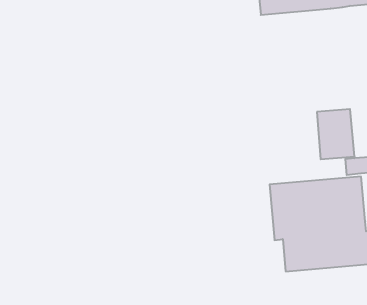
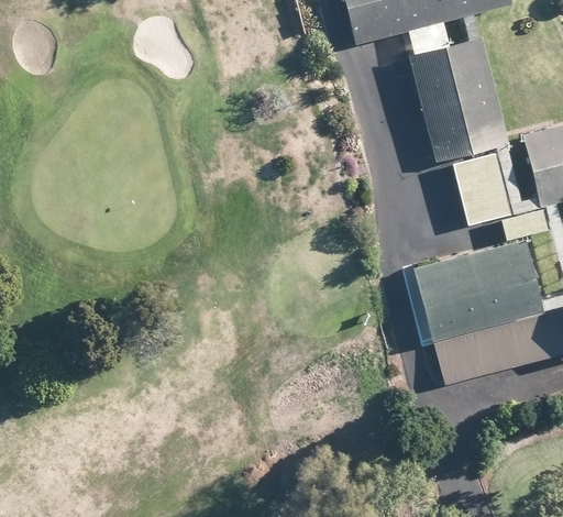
building: none -> [408,36,509,161]

